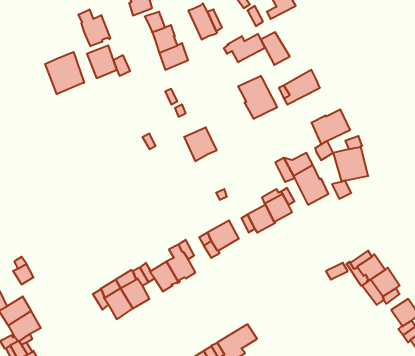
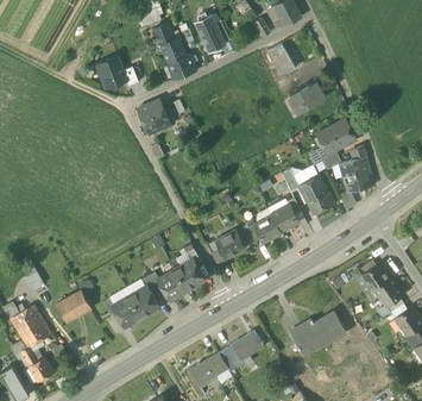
building: [79,9,110,46] -> none
building: [224,34,265,62] -> none
building: [45,52,84,94] -> none
building: [238,76,277,119] -> none
building: [184,127,217,161] -> [138,101,170,134]
building: none -> [56,290,92,322]
building: none -> [292,312,346,356]

